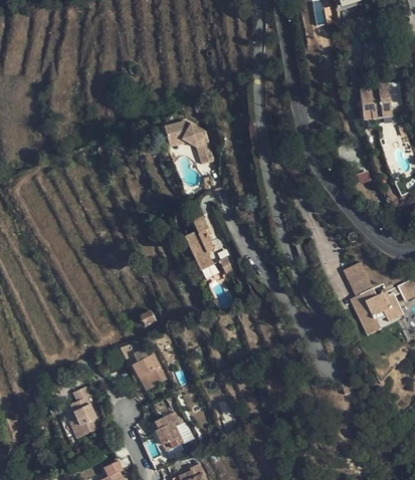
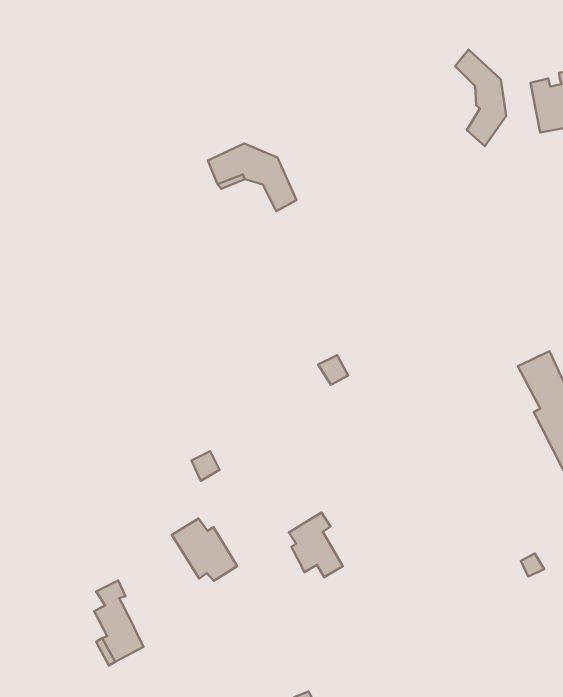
building: none -> [455,49,506,146]
building: [185,214,216,269] -> none
building: [155,409,187,449] -> [289,512,343,577]

